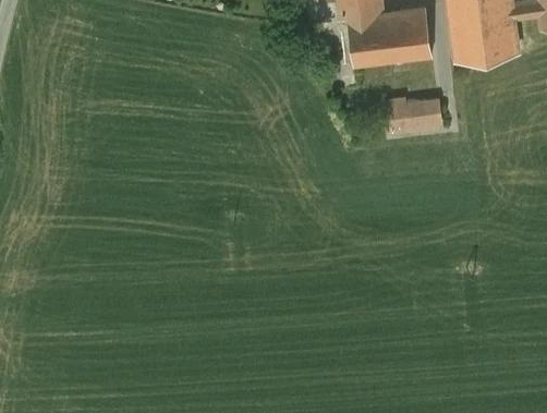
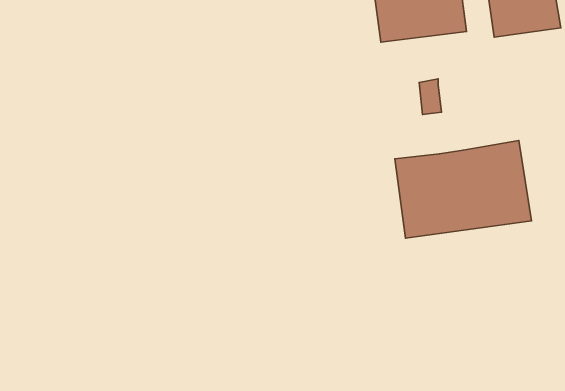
building: [406,102,441,132] -> none
building: none -> [395,141,531,238]

